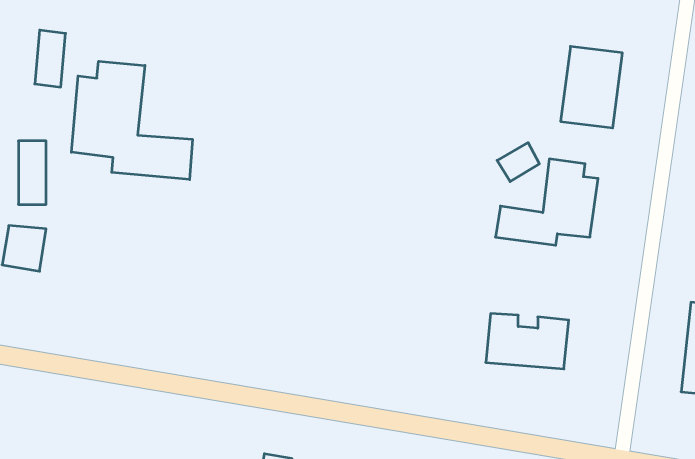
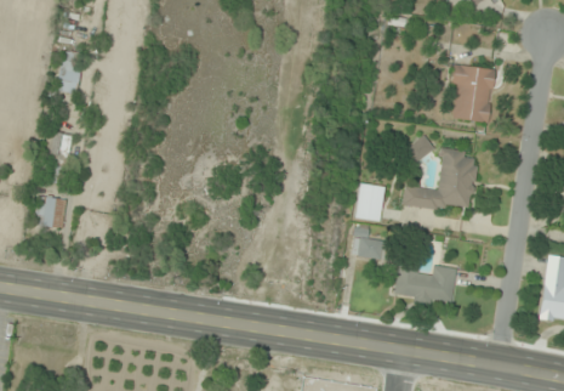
building: [71,61,192,180] -> none
building: none -> [354,182,384,220]
building: none -> [351,227,384,260]

